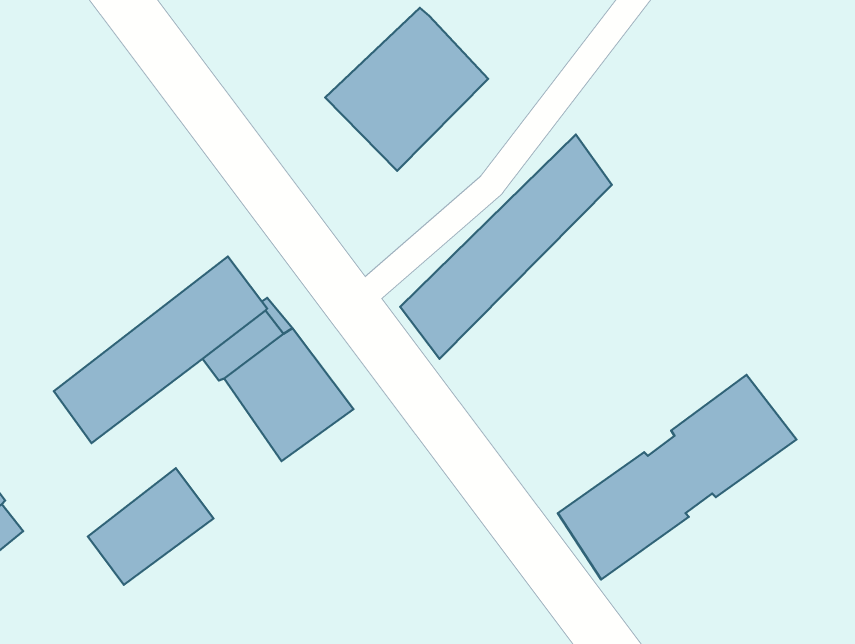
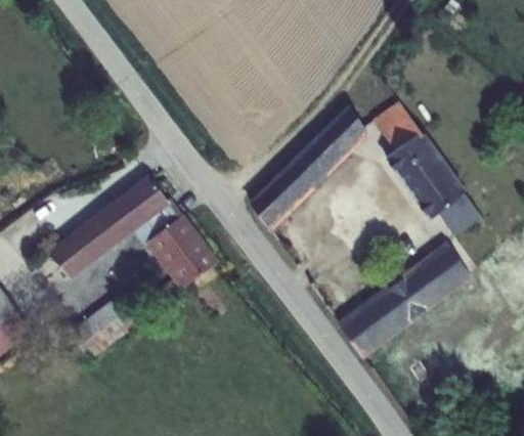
building: [325,8,488,171] -> none
building: none -> [372,101,481,235]

